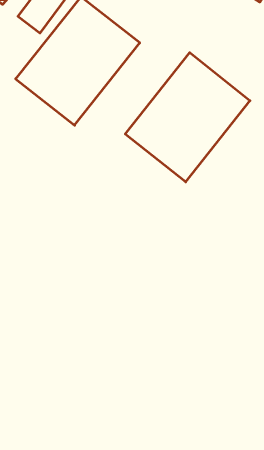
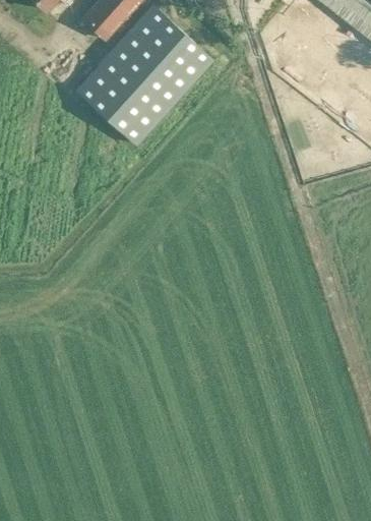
building: [125,53,250,182] -> none

